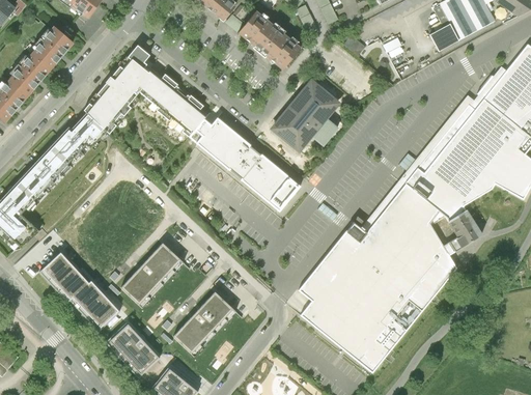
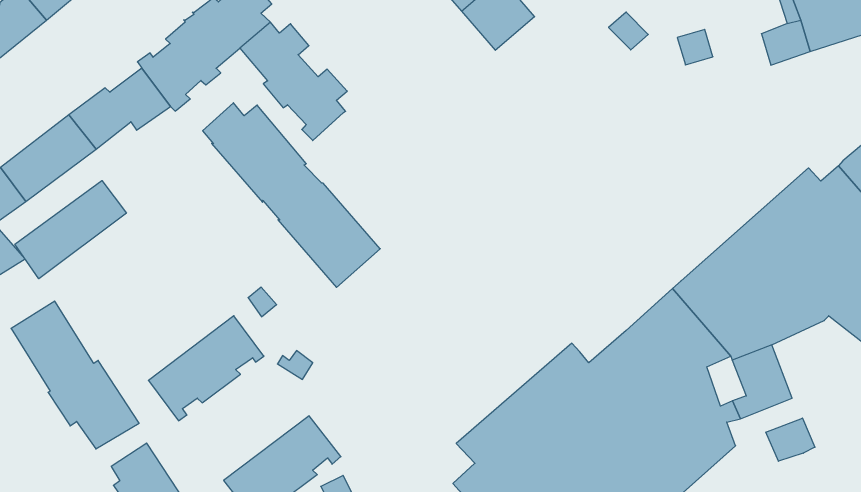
building: [273,81,337,148] -> none
building: [189,116,300,210] -> [203,103,380,287]
building: none -> [15,181,126,279]
building: none -> [766,418,815,461]

